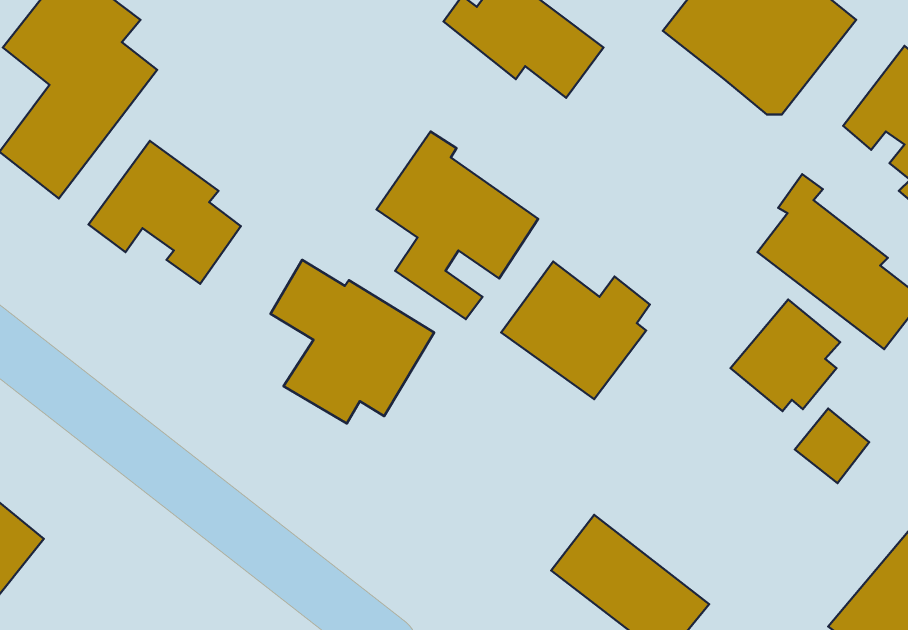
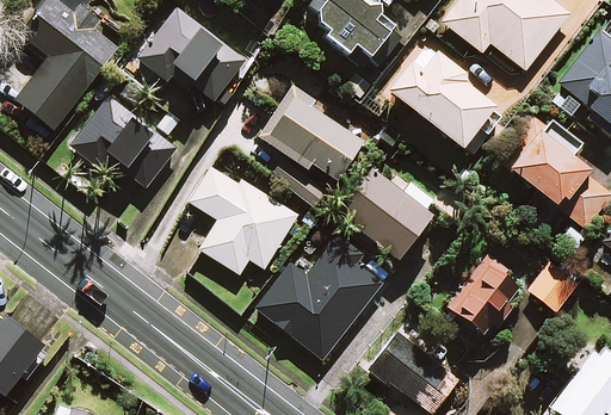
building: none -> [137,7,247,104]
building: none -> [389,43,494,147]
building: [730,299,840,411] -> [448,259,518,330]
building: none -> [257,236,381,358]

